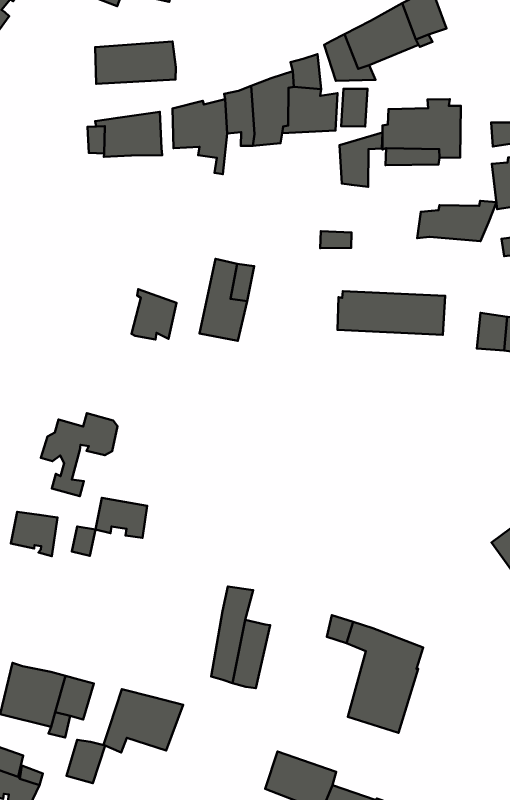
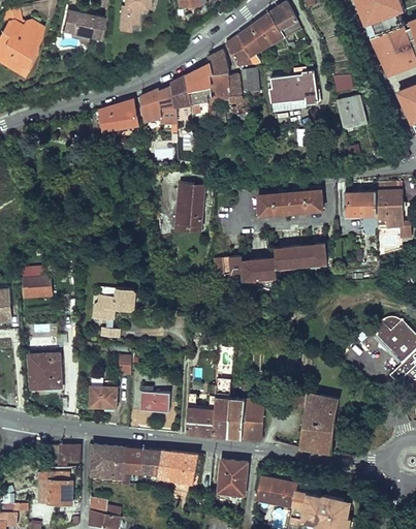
building: [95,41,176,84] -> none
building: [340,132,383,187] -> none
building: [417,201,496,241] -> none
building: [132,289,176,339] -> none
building: none -> [214,242,326,278]
building: [96,498,147,538] -> [140,391,169,411]
building: [11,512,57,556] -> [90,386,116,410]
building: none -> [186,394,215,435]
building: none -> [242,399,264,439]
building: none -> [218,459,248,500]
building: [67,740,105,783] -> [140,449,161,474]

